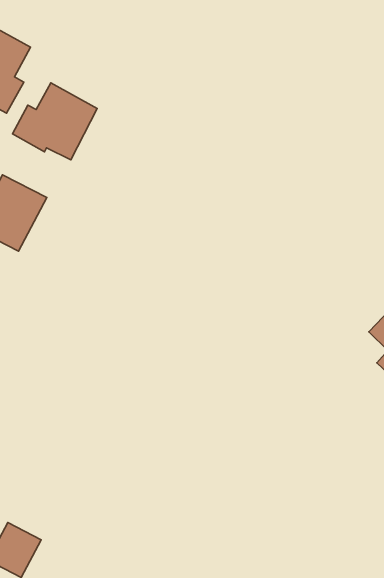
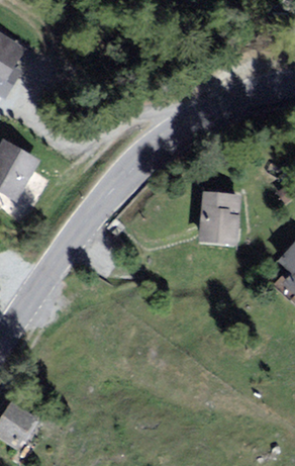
building: [13,83,97,160] -> none
building: none -> [200,194,239,247]

